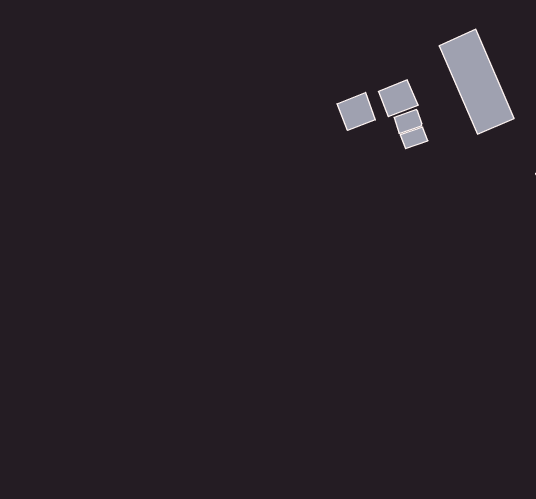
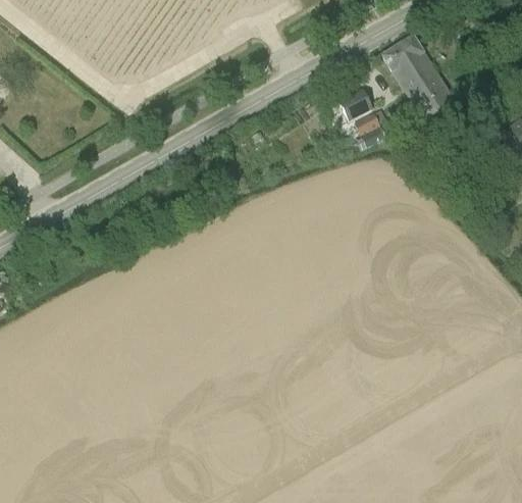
building: [337,92,375,130] -> none

